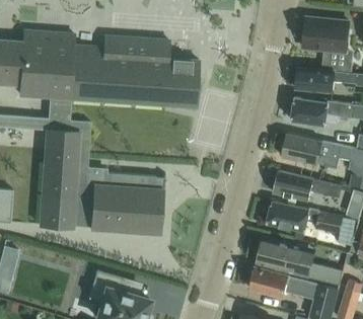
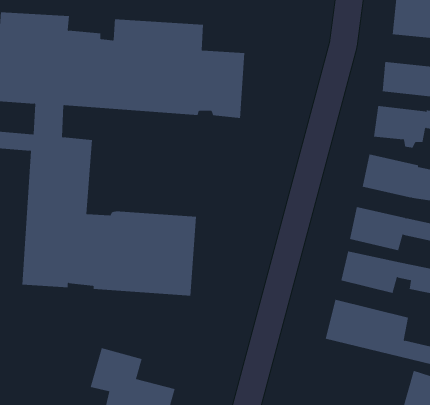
building: [249,266,313,297] -> none

